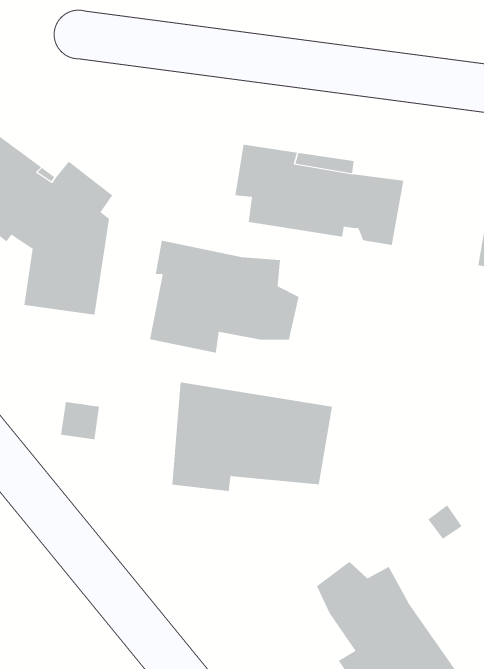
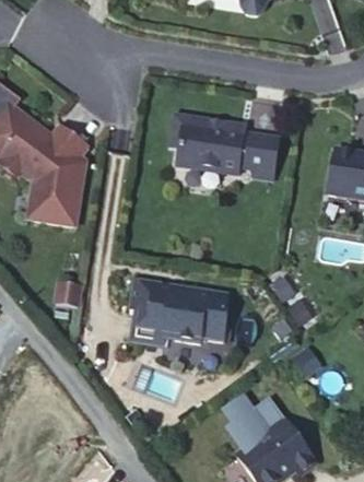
building: [149,240,299,353] -> none

